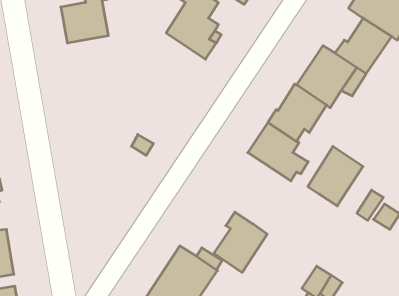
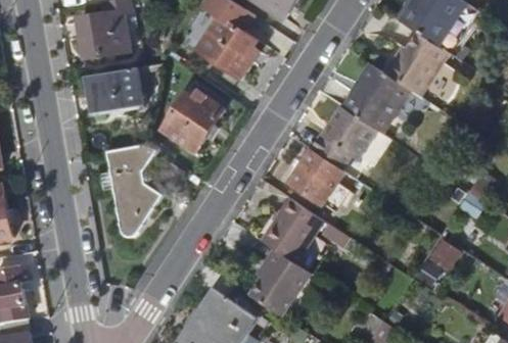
building: none -> [88,69,143,114]
building: none -> [163,93,224,153]
building: none -> [100,146,160,238]
building: [308,146,363,206] -> [261,196,322,262]

